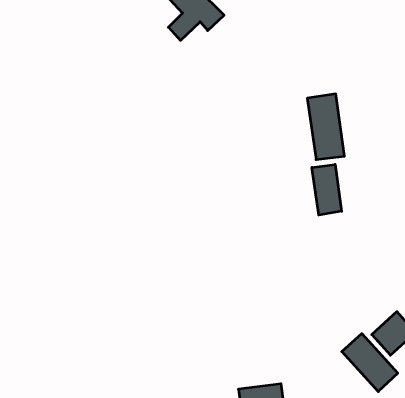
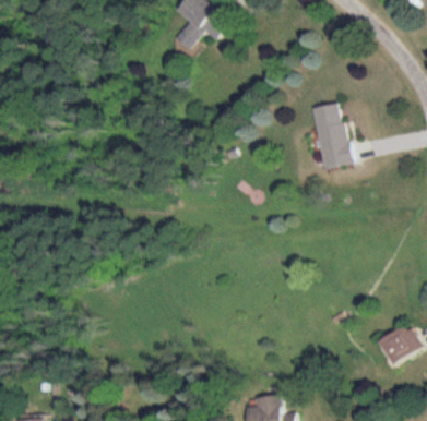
building: [312,164,342,215] -> none
building: [342,334,398,392] -> none

